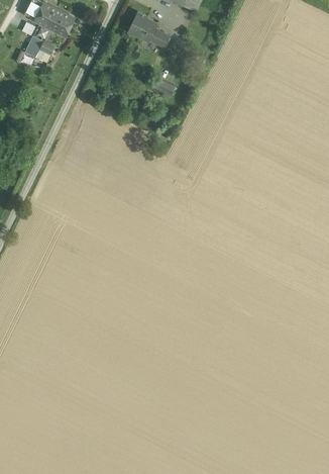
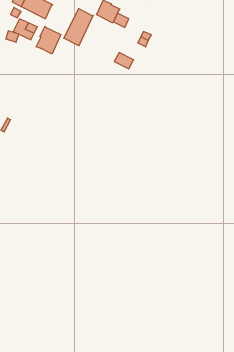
building: none -> [64,9,93,46]
building: none -> [36,26,61,54]

